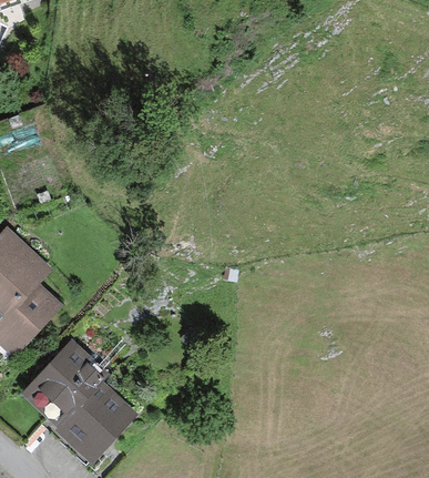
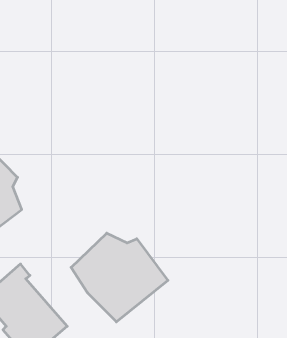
building: none -> [71,233,168,322]

